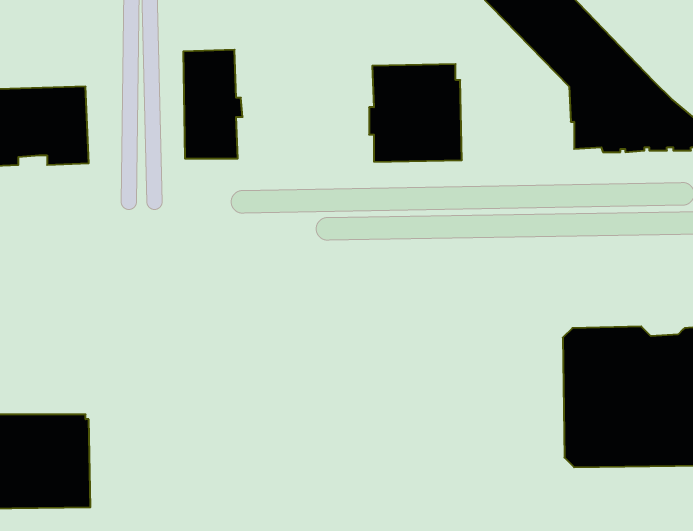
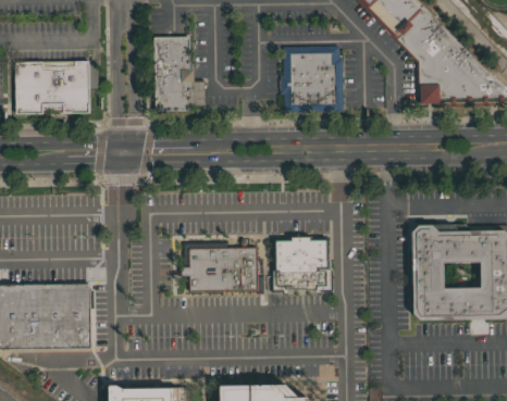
building: none -> [271,237,333,292]
building: none -> [183,241,263,291]

